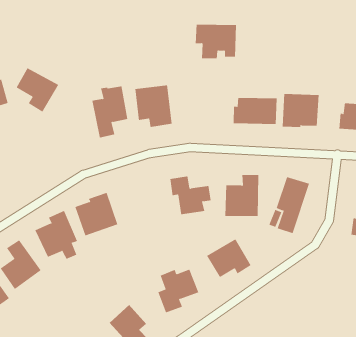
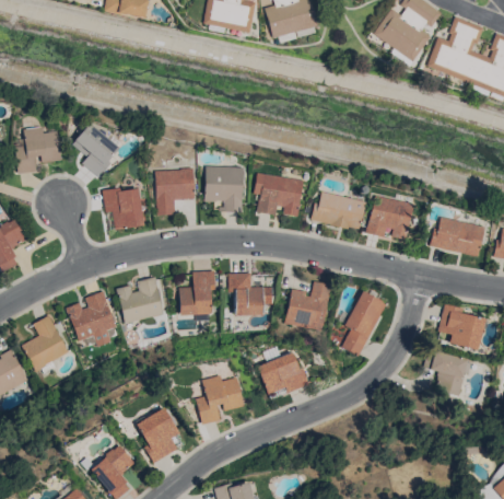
building: [195,24,237,59] -> [253,172,303,216]
building: none -> [103,187,143,229]
building: none -> [179,270,215,315]

